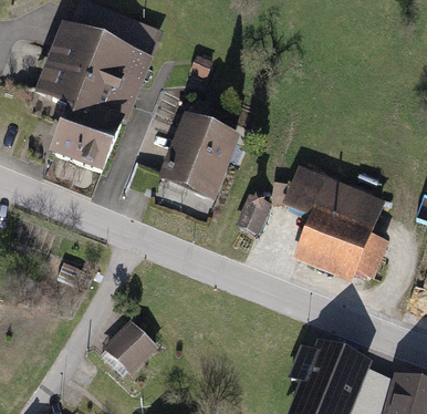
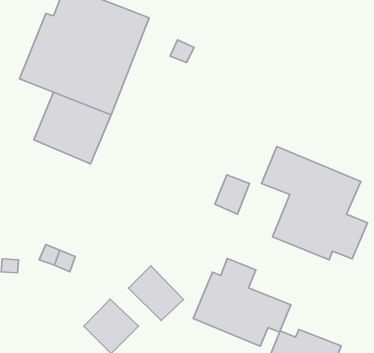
building: [163,118,242,203] -> none
building: none -> [193,258,291,346]
building: none -> [129,266,184,320]

